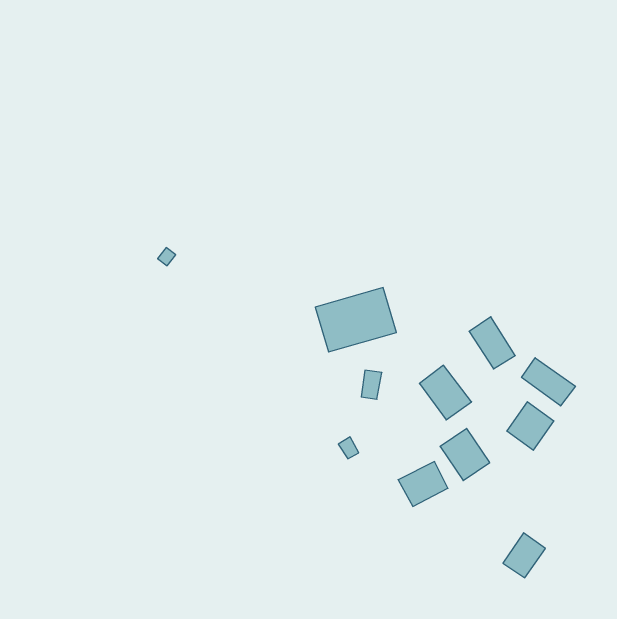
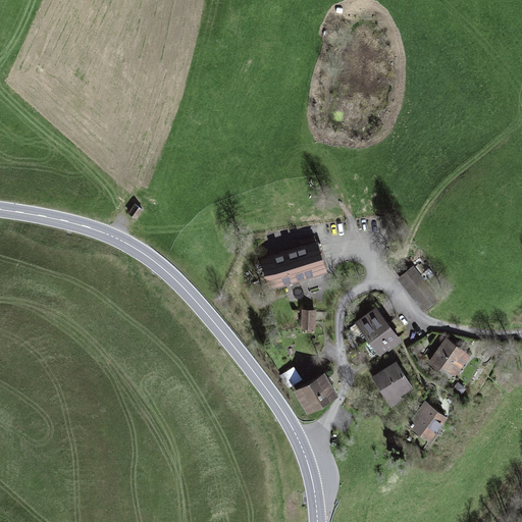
building: [522,358,575,406] -> none
building: [398,462,448,506] -> [294,374,335,412]
building: [503,533,545,578] -> [408,399,443,436]

